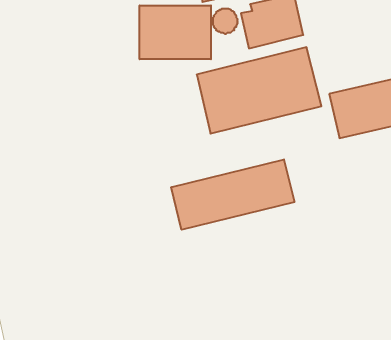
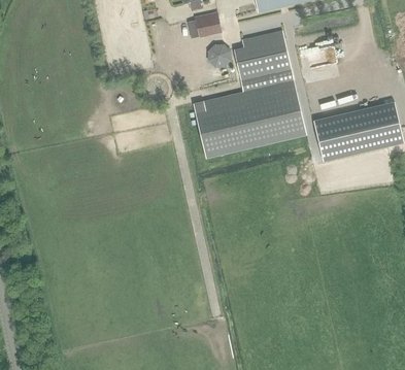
building: [140,5,211,59] -> none
building: [171,159,294,230] -> none

